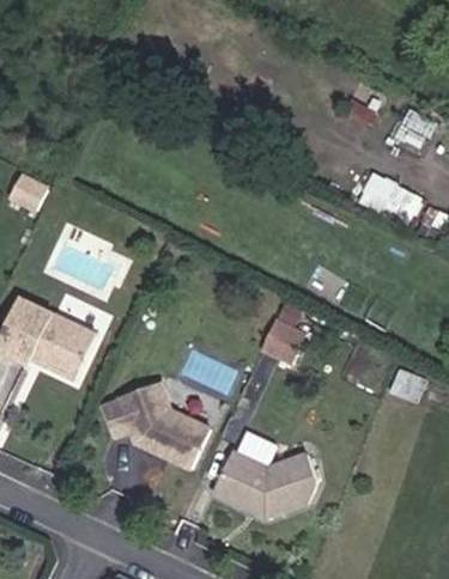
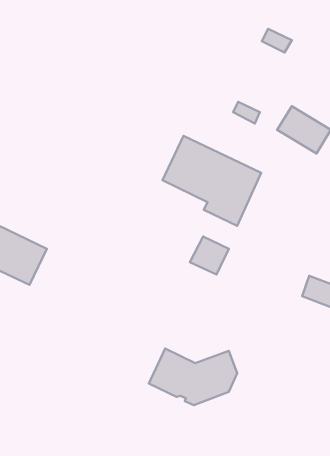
building: none -> [162,136,261,226]
building: [102,380,210,468] -> none

